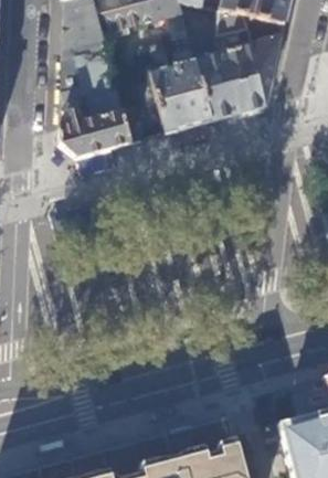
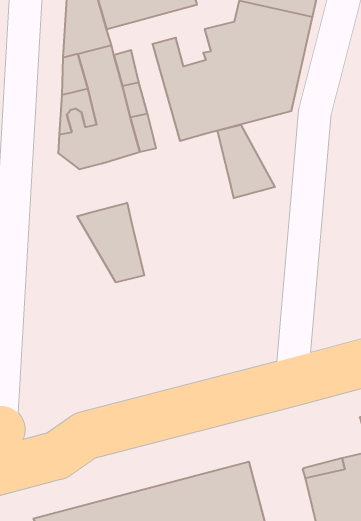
building: none -> [217,125,275,198]
building: none -> [77,203,144,282]

